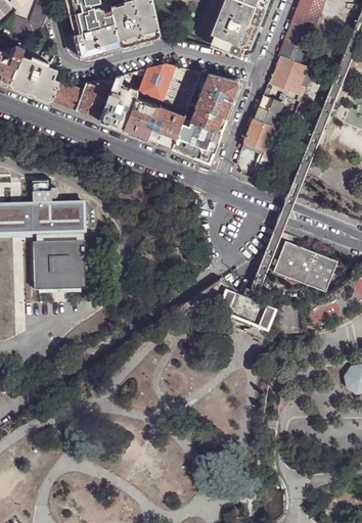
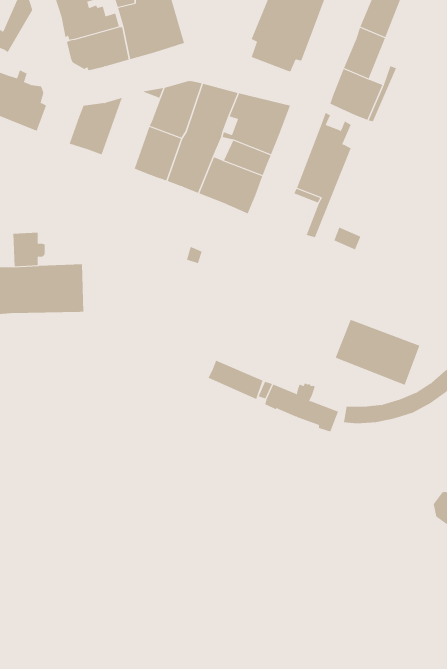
building: [99,74,136,129] -> none
building: [51,82,82,110] -> none
building: [32,235,85,288] -> none
building: none -> [208,360,263,400]

